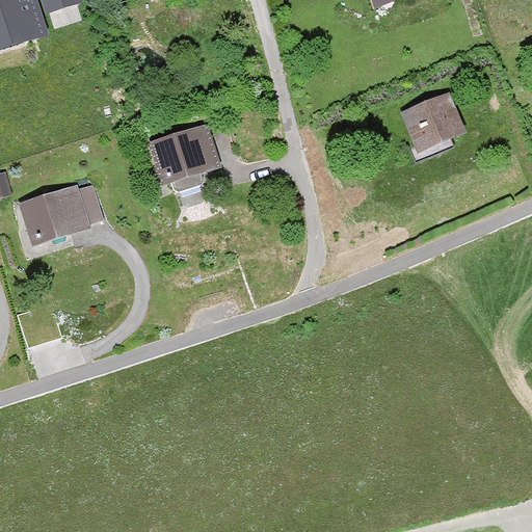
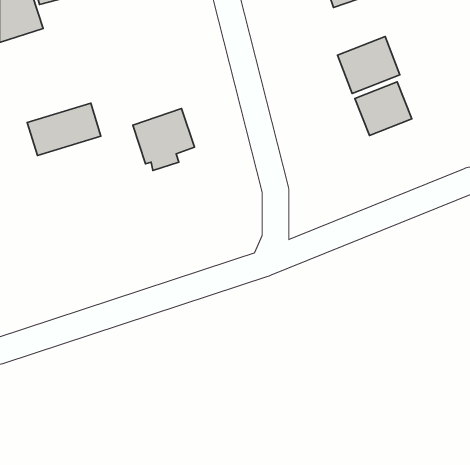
building: none -> [337,36,400,94]
building: [19,182,102,241] -> [27,103,101,156]

